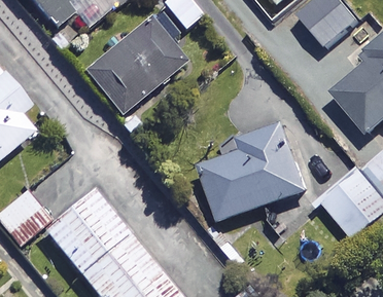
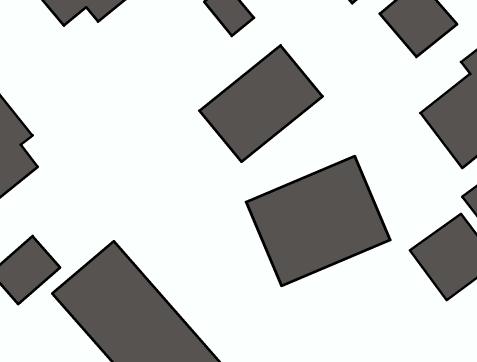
building: [85,22,182,113] -> [199,45,323,162]

